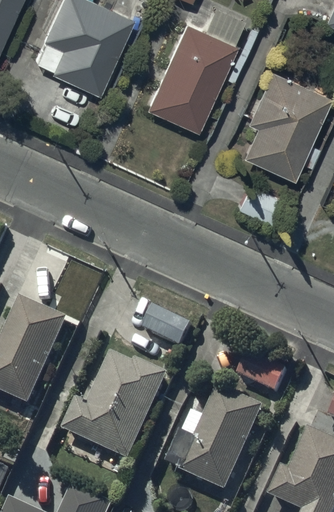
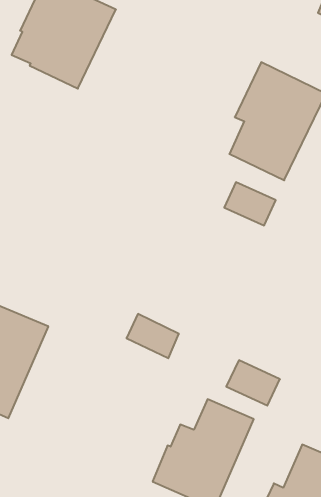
building: [143,18,233,127] -> none
building: [61,351,168,460] -> none

